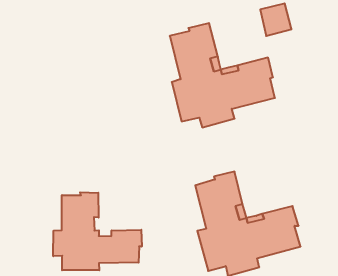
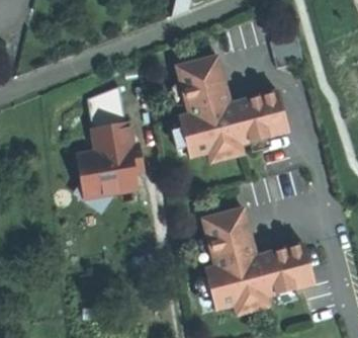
building: none -> [78,86,140,206]
building: [53,192,142,270] -> none

